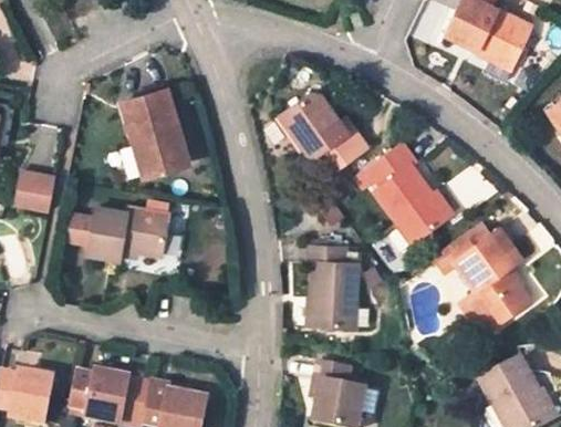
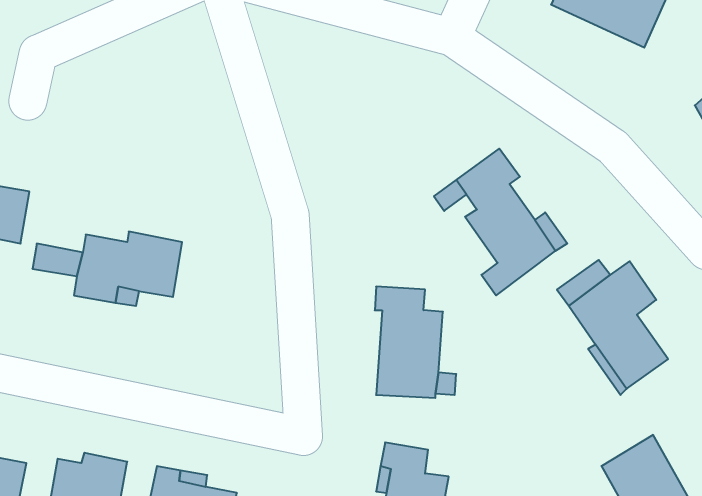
building: [120,86,181,174] -> none
building: [281,92,366,179] -> none

